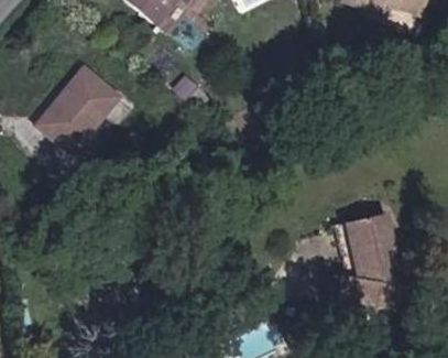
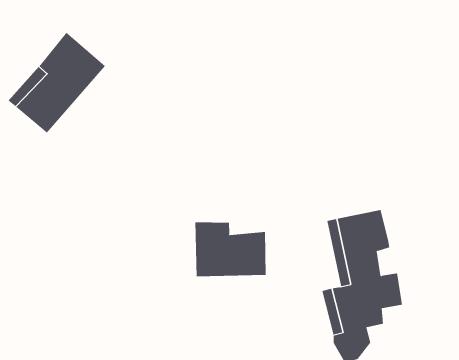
building: none -> [195,221,266,277]

